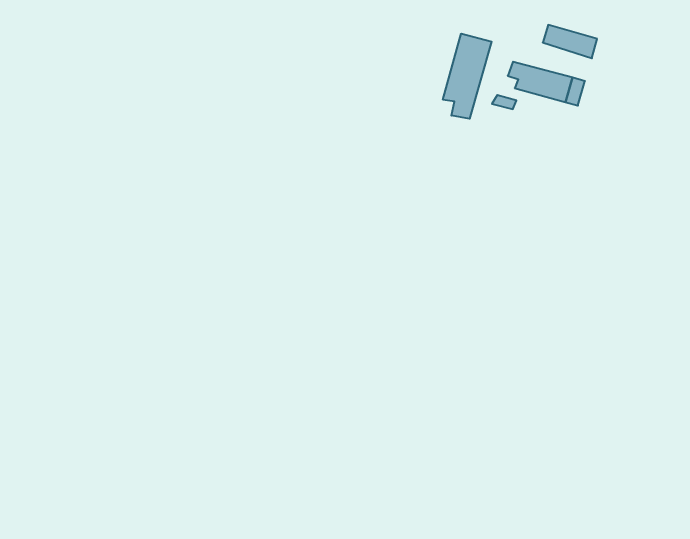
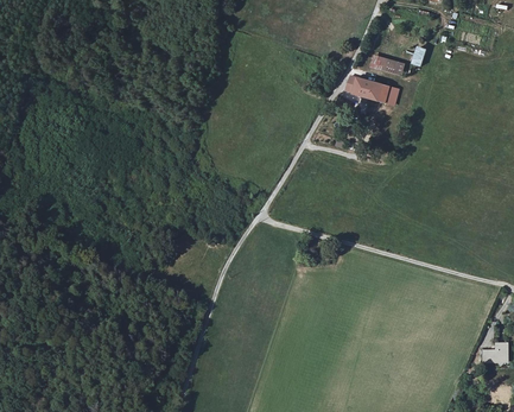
building: [443,34,492,119] -> none

